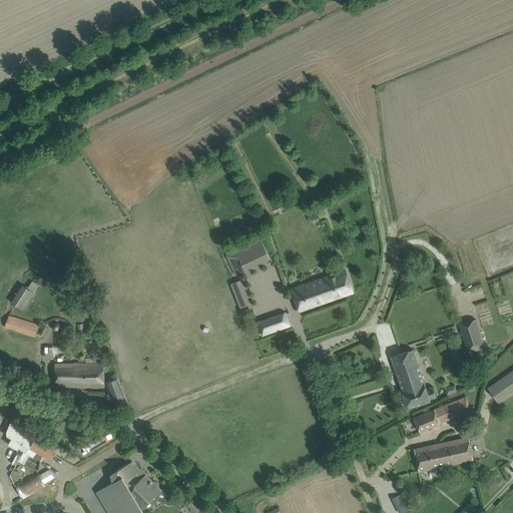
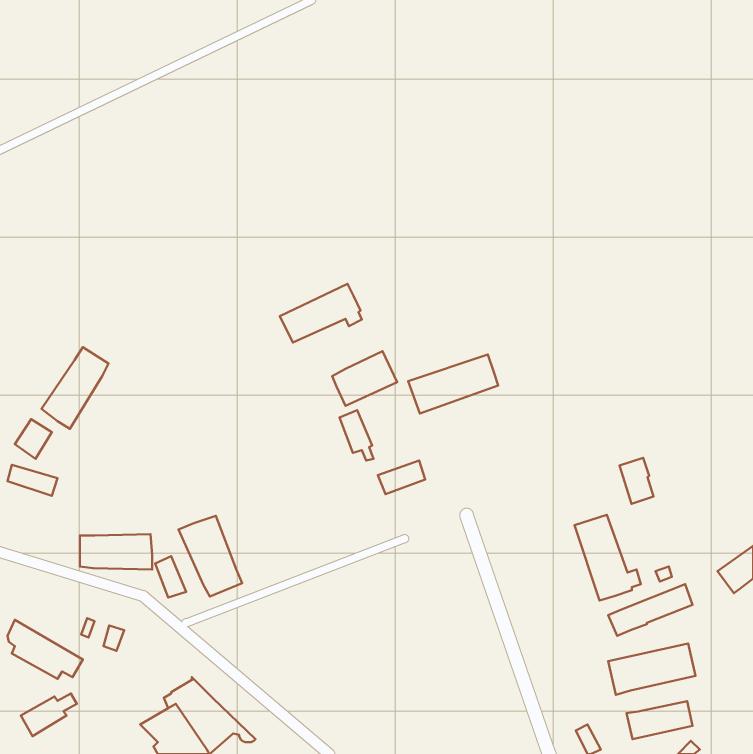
building: none -> [280,284,362,343]
building: none -> [41,347,108,429]
building: [291,271,352,311] -> [408,354,498,414]
building: [459,320,482,351] -> [620,458,654,504]
building: none -> [178,516,242,597]
building: none -> [627,701,693,739]

